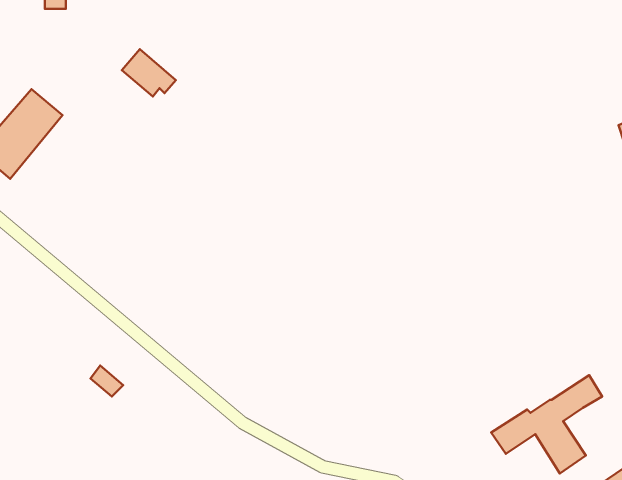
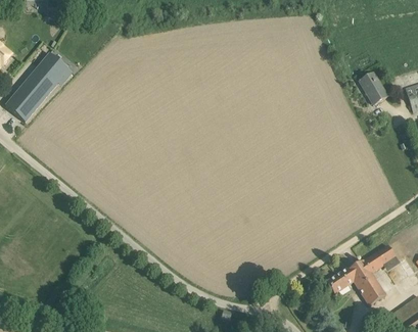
building: [122,49,176,96] -> [39,52,73,82]
building: none -> [360,72,387,104]

